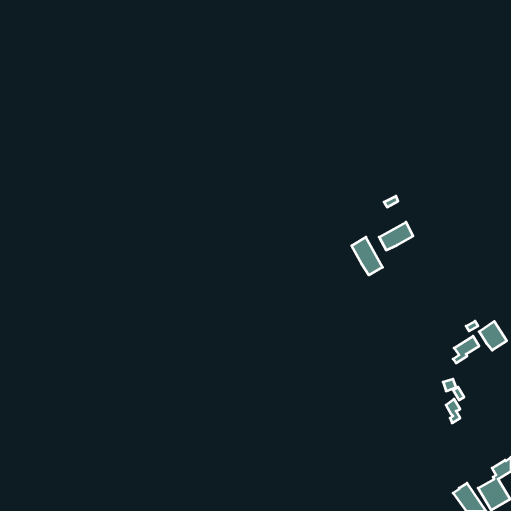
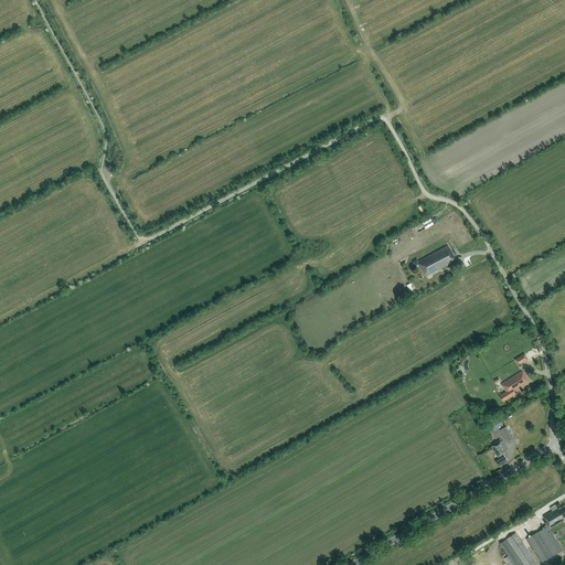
building: [352,237,383,275] -> none
building: [479,321,507,350] -> none

